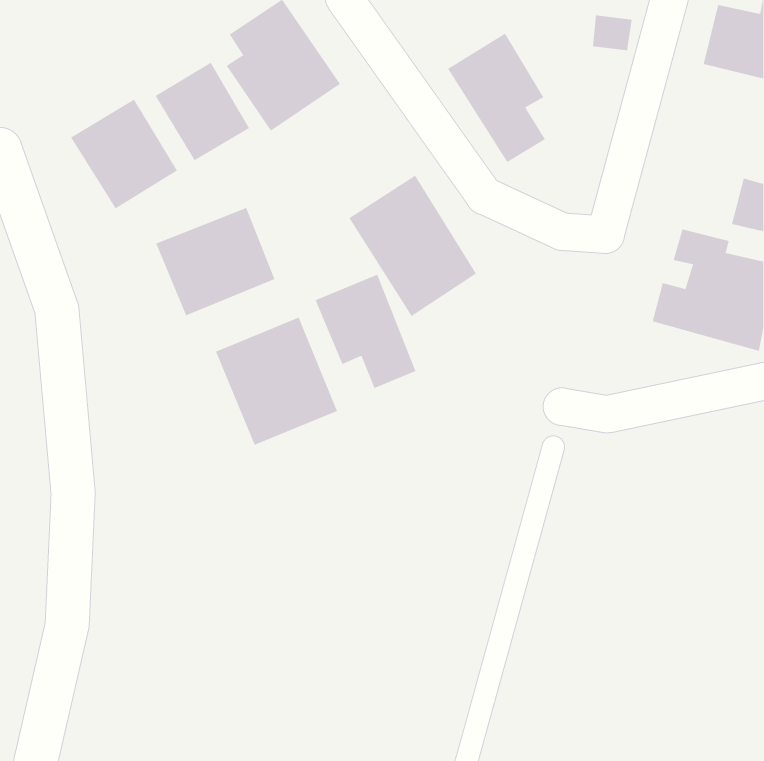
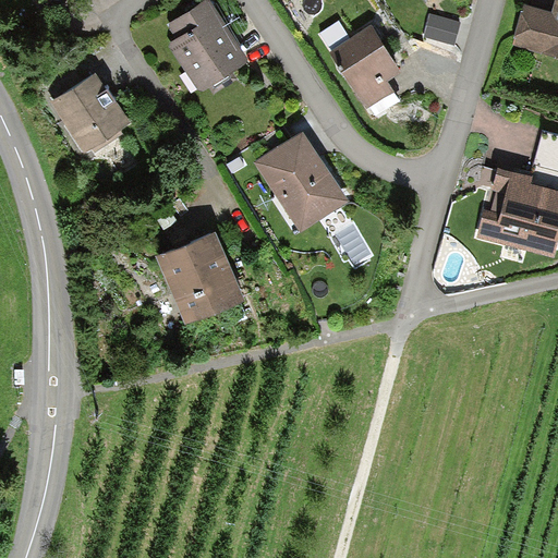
building: [155,62,250,161] -> none
building: [156,207,275,316] -> none
building: [315,274,416,389] -> none

